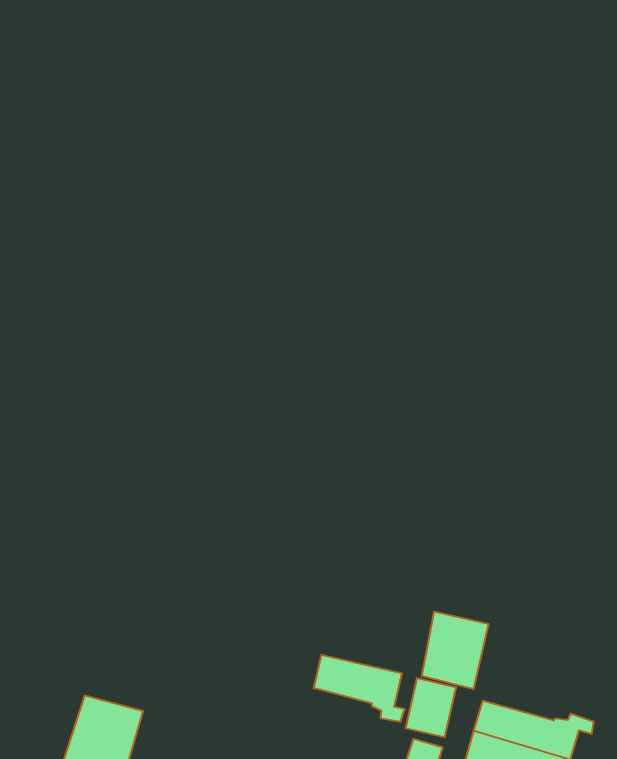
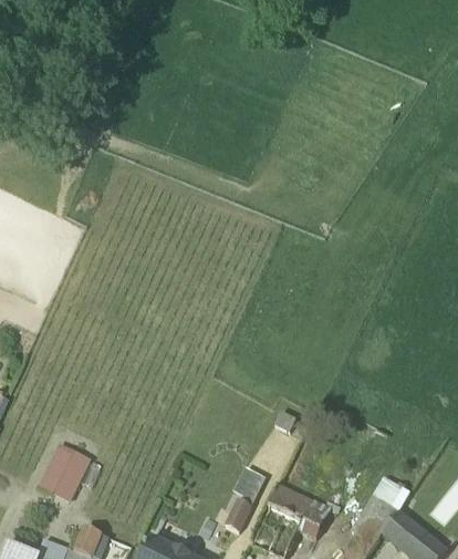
building: [422,611,489,689] -> none
building: [314,655,405,722] -> none

